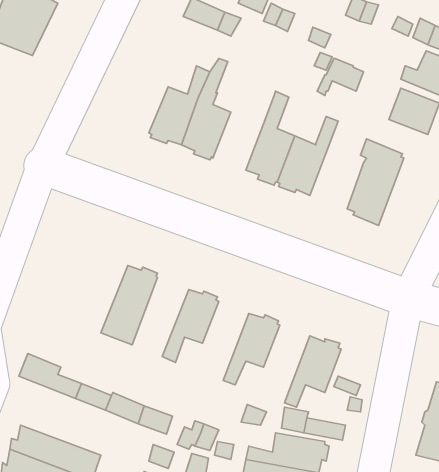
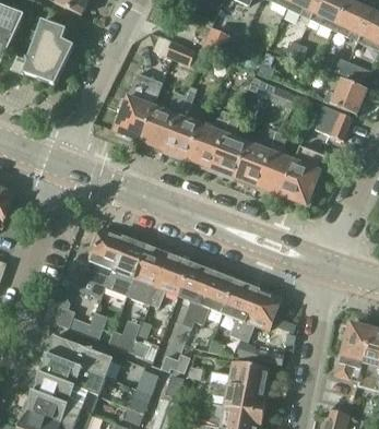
building: none -> [114,72,163,140]
building: none -> [187,109,232,167]
building: none -> [258,131,297,196]
building: none -> [78,226,125,298]
building: none -> [128,243,169,303]
building: none -> [179,261,213,326]
building: none -> [224,278,258,337]
building: none -> [46,334,112,376]

